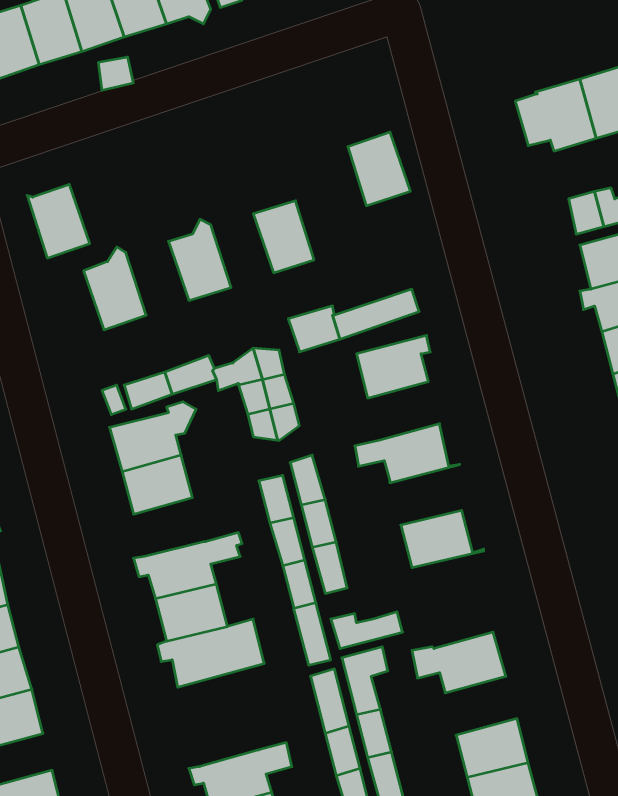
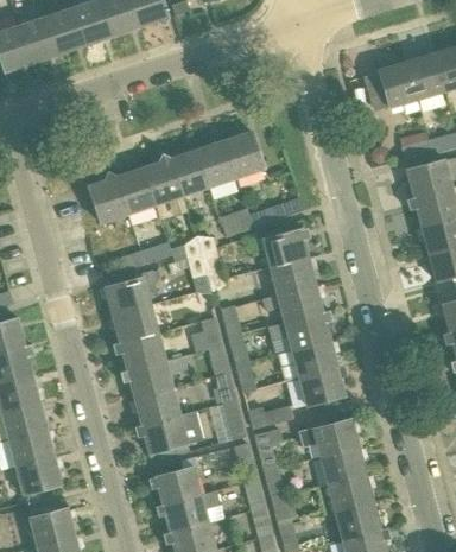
building: [348,132,410,206] -> [223,131,264,178]
building: [27,184,90,258] -> [114,166,154,214]
building: none -> [169,148,209,196]
building: none -> [270,256,316,294]
building: none -> [267,310,332,349]
building: none -> [112,331,164,369]
building: none -> [298,366,347,405]
building: none -> [319,446,366,484]
building: none -> [147,465,200,505]

